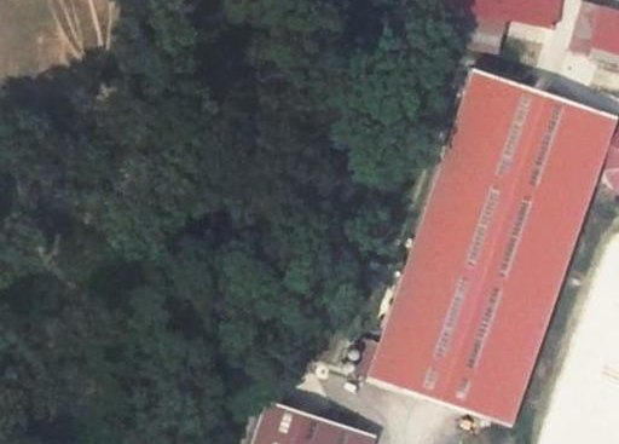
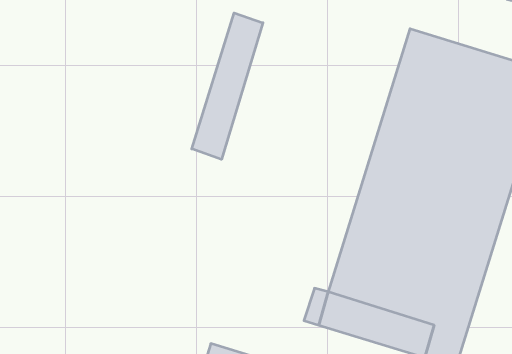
building: none -> [192,13,263,159]

